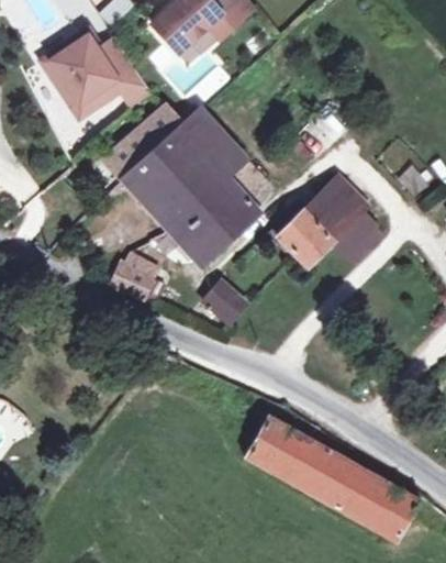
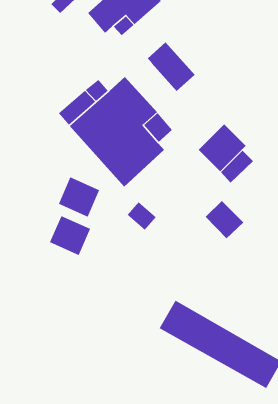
building: [47,36,144,112] -> none
building: none -> [147,42,195,92]
building: [279,212,333,266] -> [205,200,244,239]
building: none -> [49,215,91,256]

